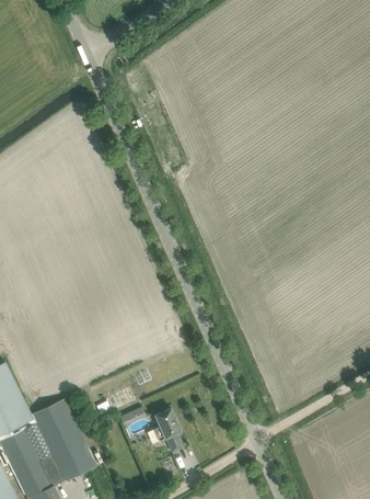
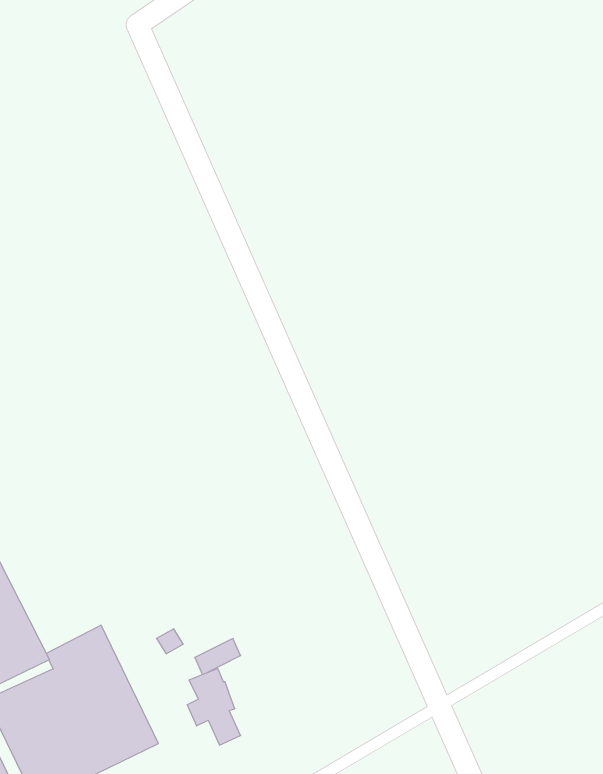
building: [152,409,183,453] -> [187,669,241,745]

